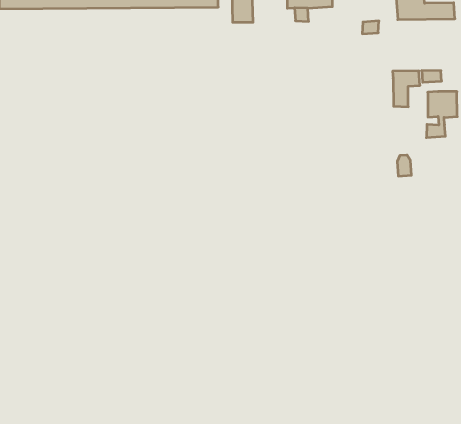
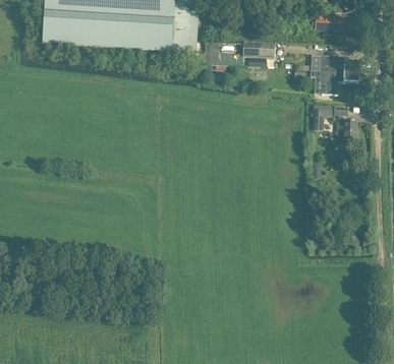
building: none -> [308,68,358,93]

